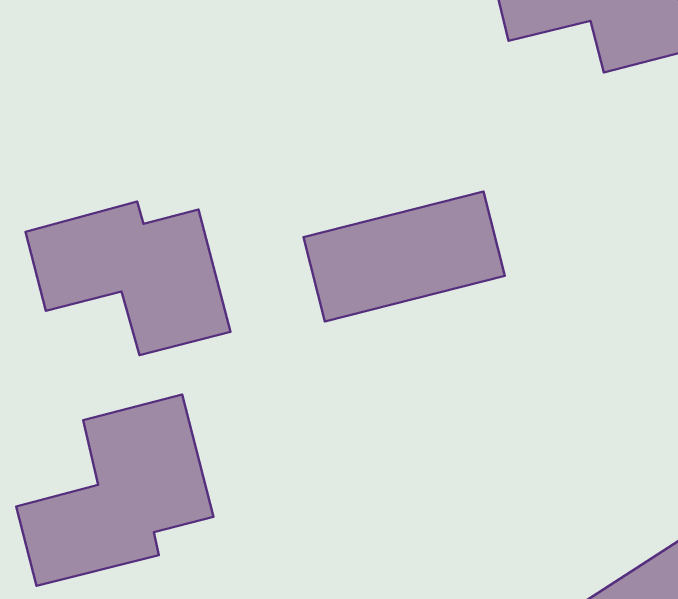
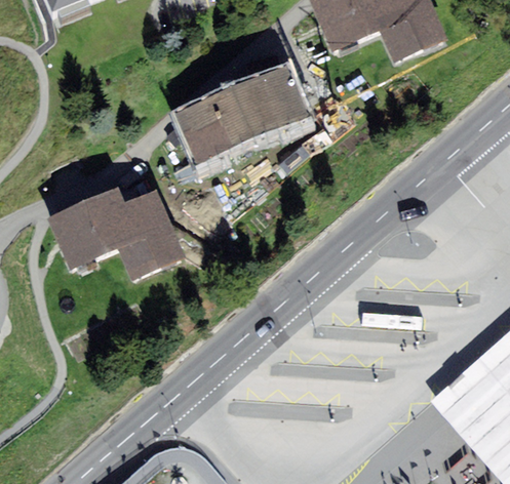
building: [303,192,505,321] -> [179,66,308,162]
building: [16,394,214,586] -> none

